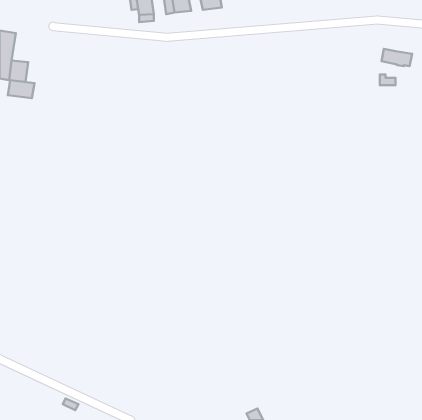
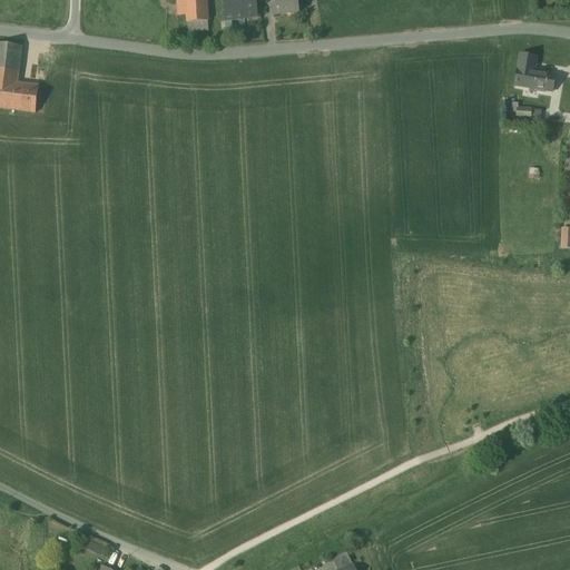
building: [8,80,34,98] -> none

